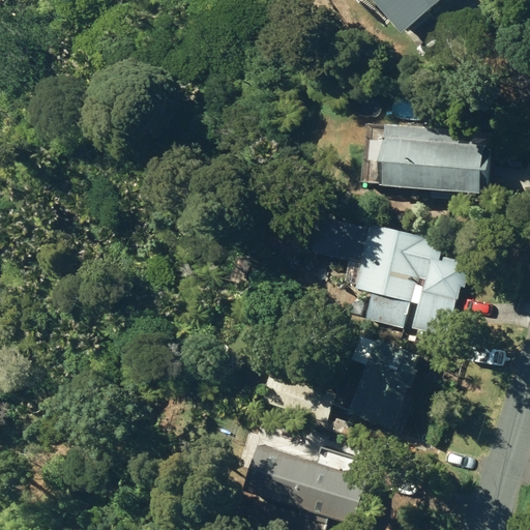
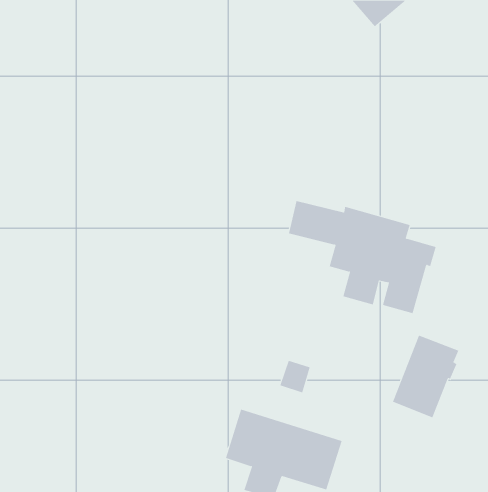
building: [378,122,490,193] -> none
building: [347,340,418,429] -> [392,335,459,418]

